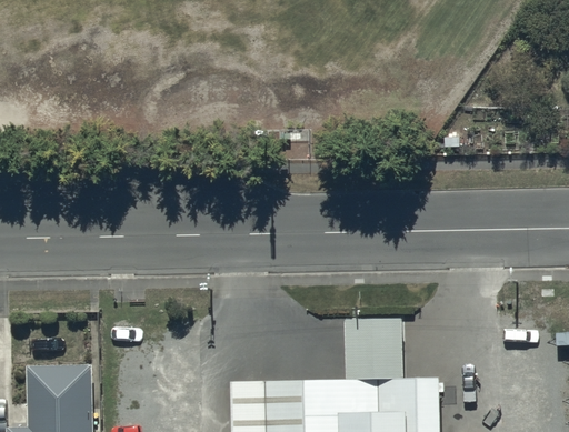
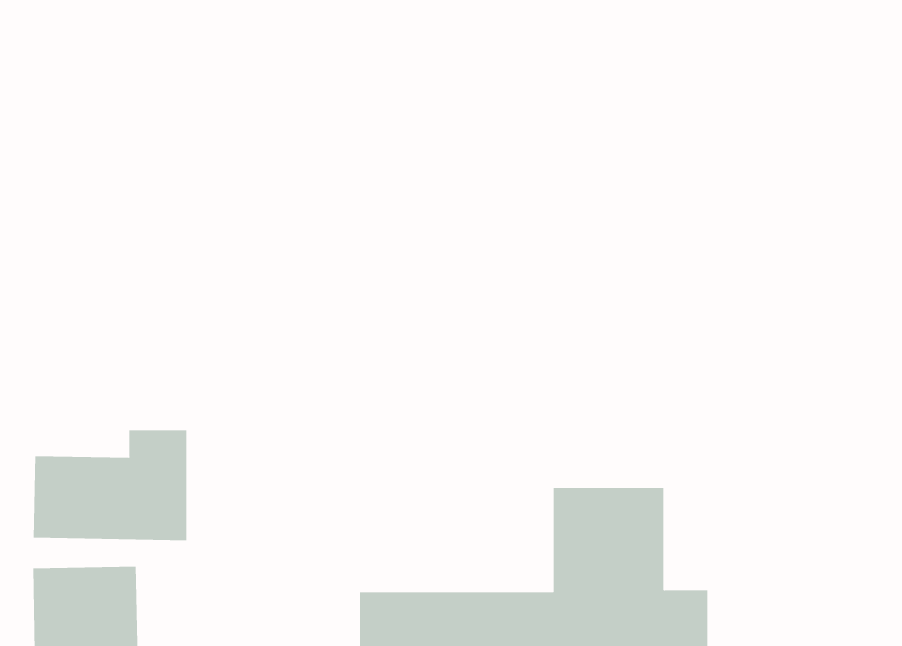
building: none -> [33,430,187,541]

